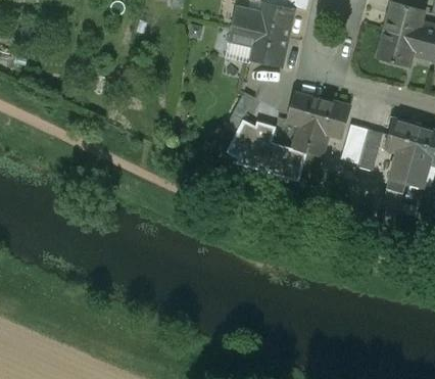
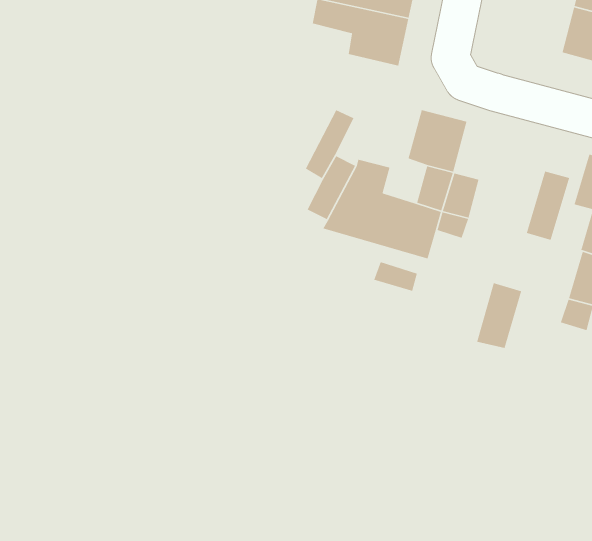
building: [313,99,349,138] -> none
building: [340,124,368,163] -> [476,282,522,349]

